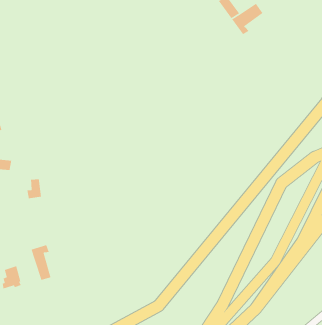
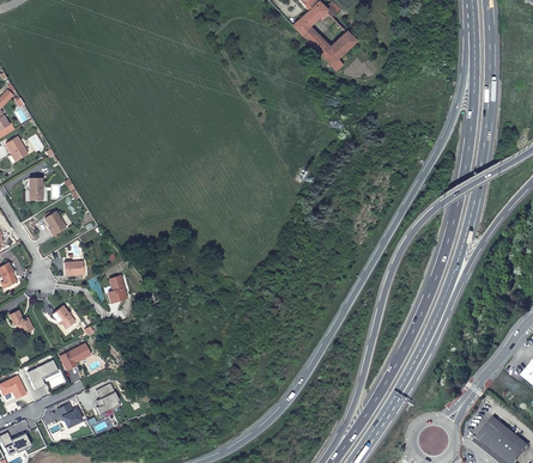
building: [30,244,51,281] -> none

